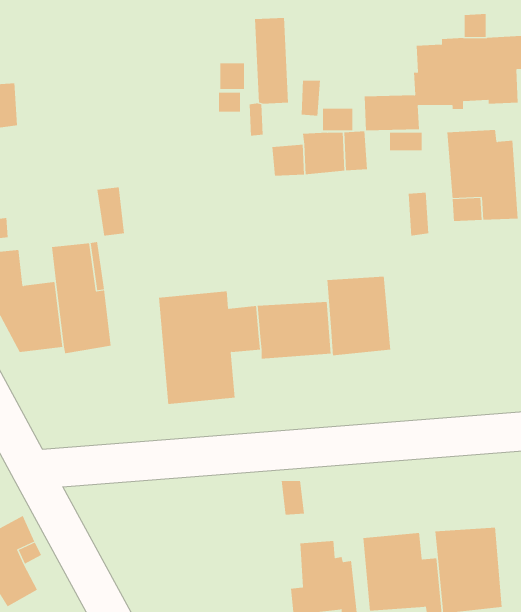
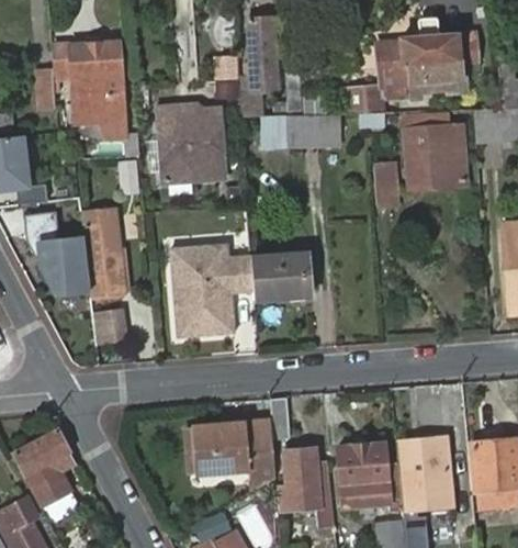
building: none -> [52,42,126,126]
building: none -> [159,107,225,183]
building: [327,276,391,356] -> none
building: none -> [94,309,132,345]
building: none -> [191,417,274,490]

